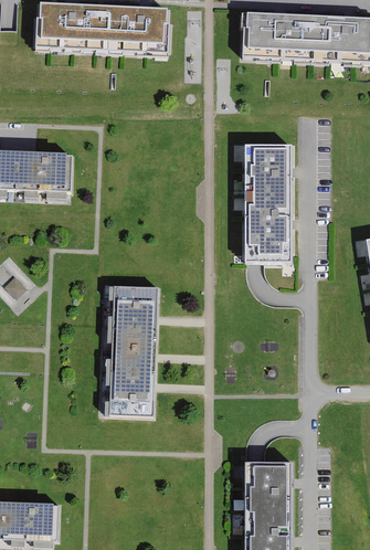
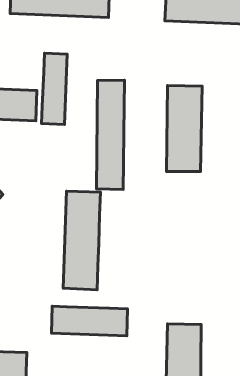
building: none -> [42,53,67,125]
building: none -> [97,80,124,190]
building: none -> [52,306,127,336]

